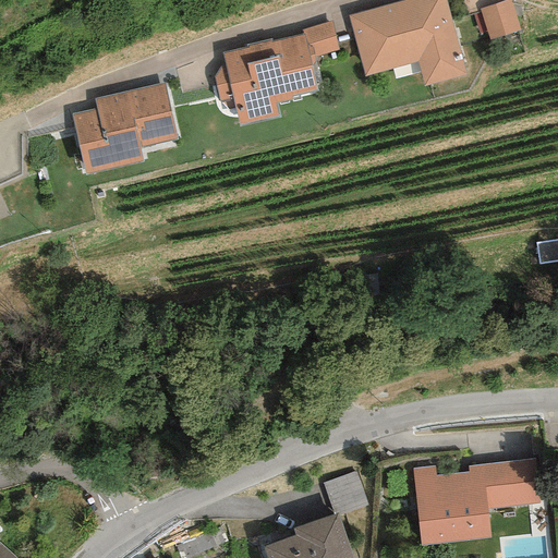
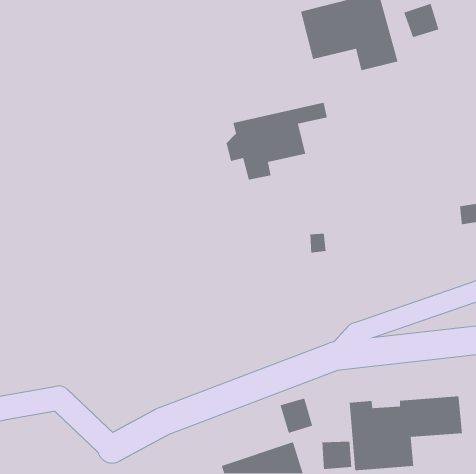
building: [221,27,340,119] -> [226,102,328,180]
building: [76,84,173,169] -> none
building: none -> [322,441,352,470]

